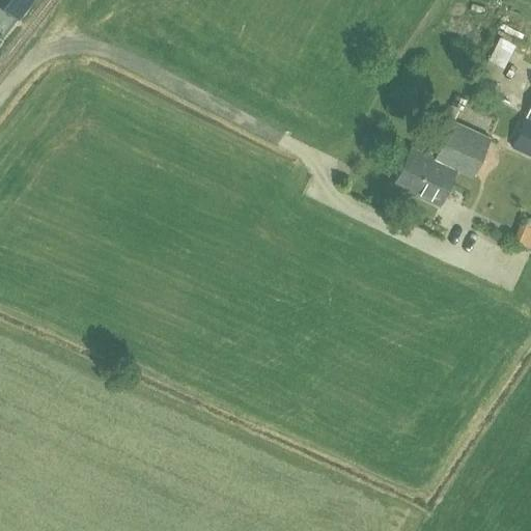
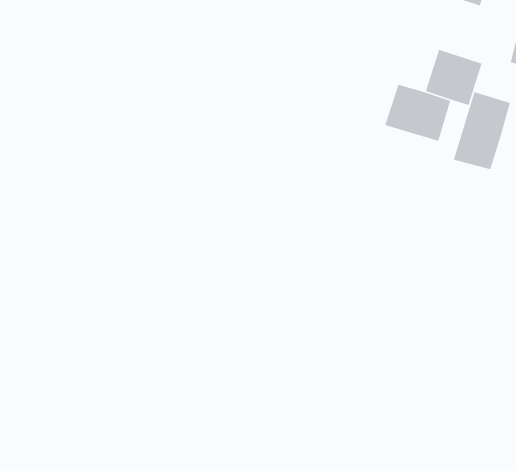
building: none -> [453,91,511,170]

